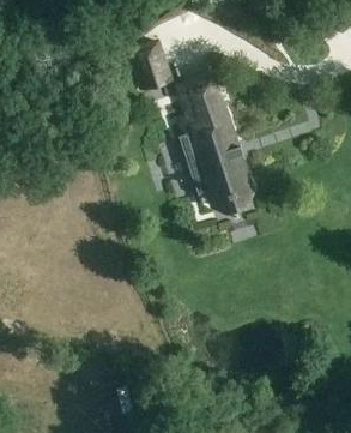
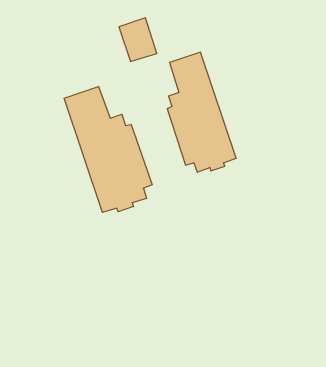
building: none -> [64,86,152,212]

